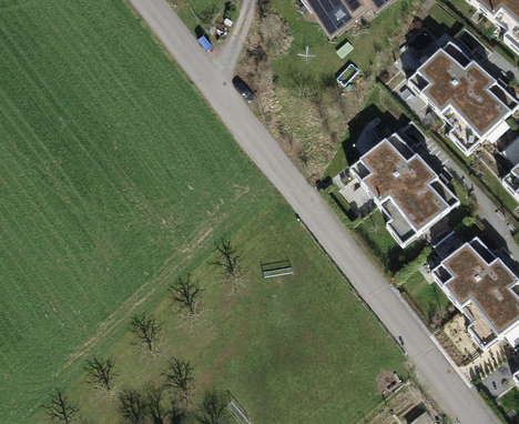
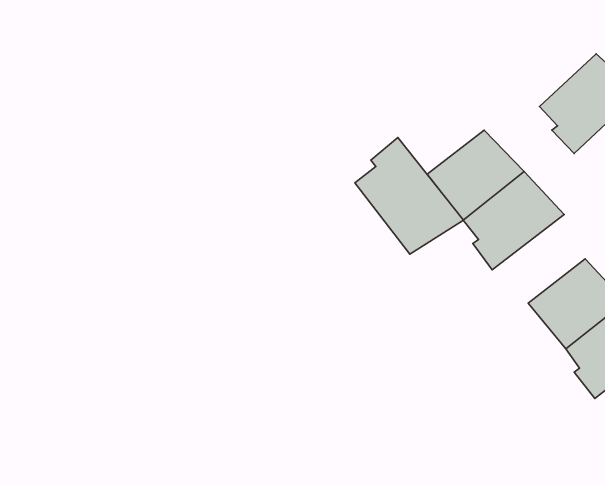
building: [408,39,486,112] -> none
building: none -> [355,138,463,254]

